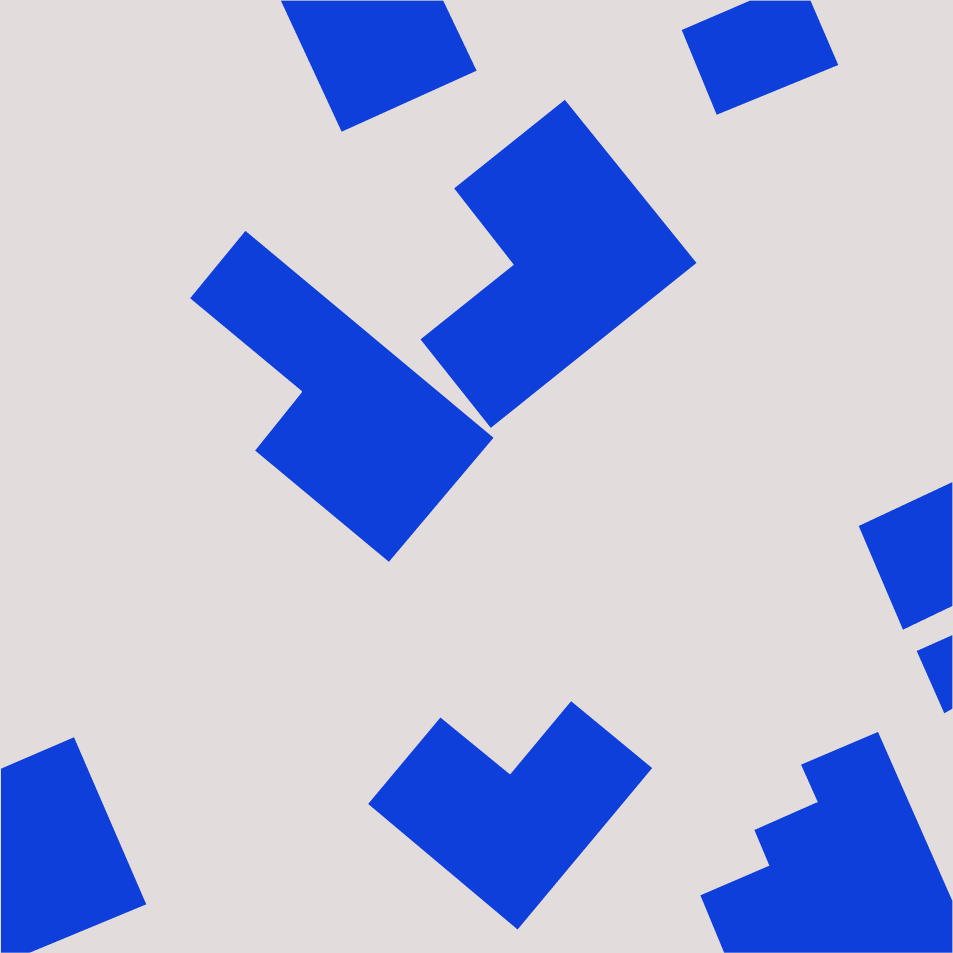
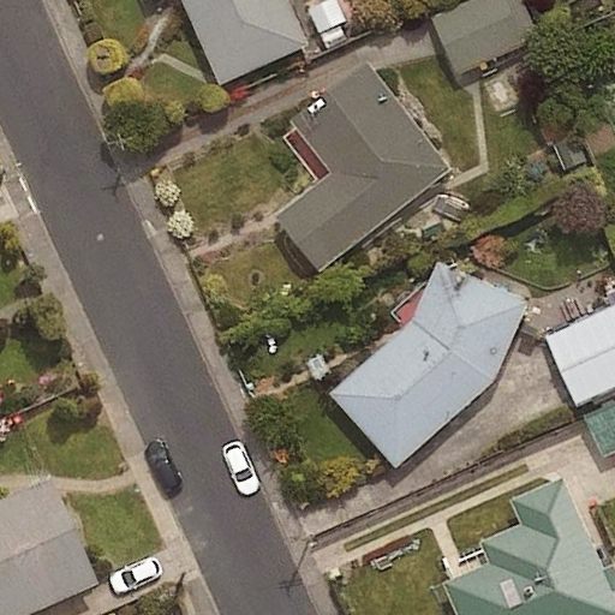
building: [189,230,495,563] -> none
building: none -> [328,263,527,468]
building: [367,700,653,930] -> none

